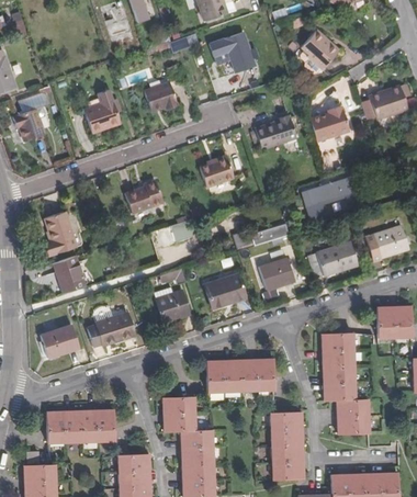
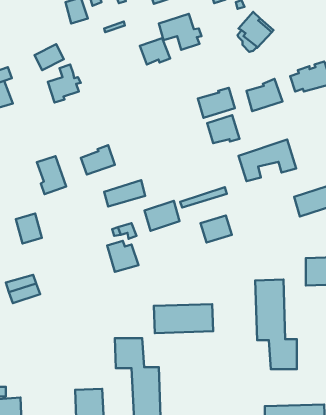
building: none -> [35,44,64,70]
building: [146,80,180,110] -> [140,38,170,64]
building: none -> [207,115,240,143]
building: [200,155,234,187] -> none
building: [44,212,77,255] -> [37,156,66,194]
building: [307,244,358,279] -> none
building: [204,275,244,309] -> [145,201,180,231]
building: [86,314,133,347] -> none
building: [48,410,116,443] -> none
building: [270,410,304,478] -> none

